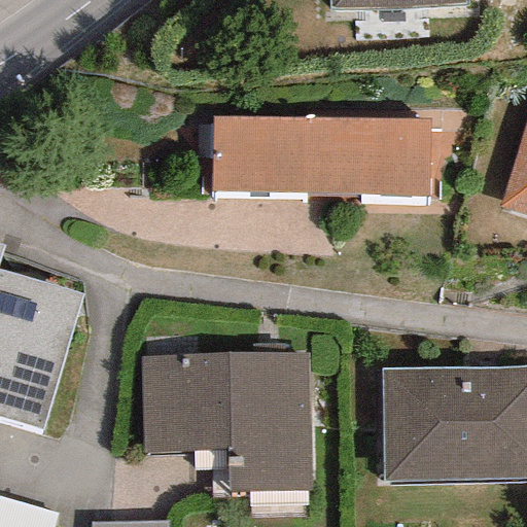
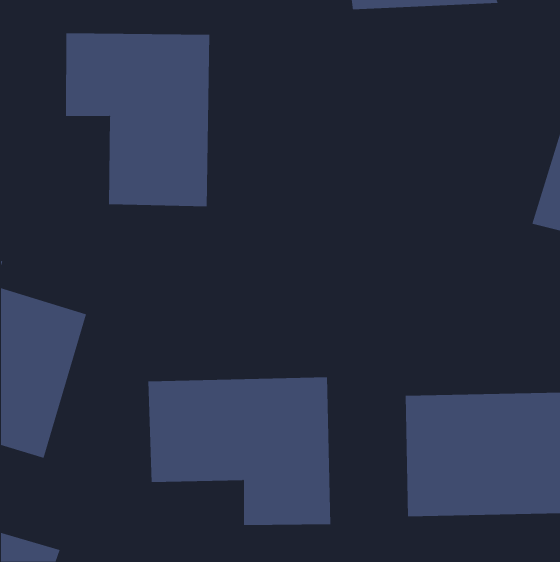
building: none -> [66,32,210,207]
building: [212,115,431,196] -> none

